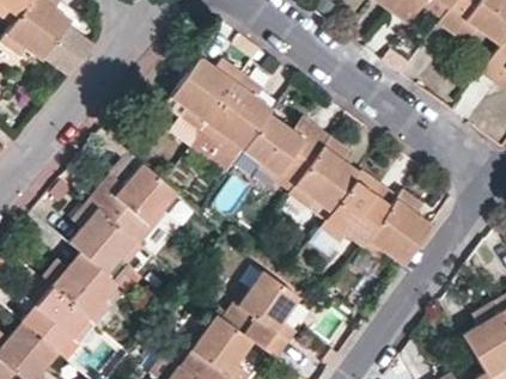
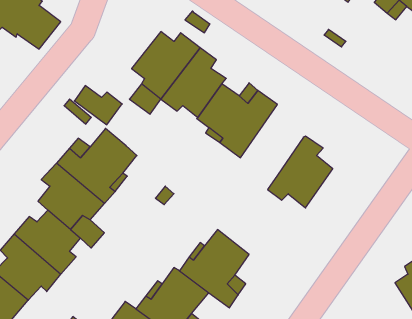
building: [191,129,244,172] -> [74,86,122,125]
building: [291,135,360,213] -> none
building: [362,191,431,265] -> none

